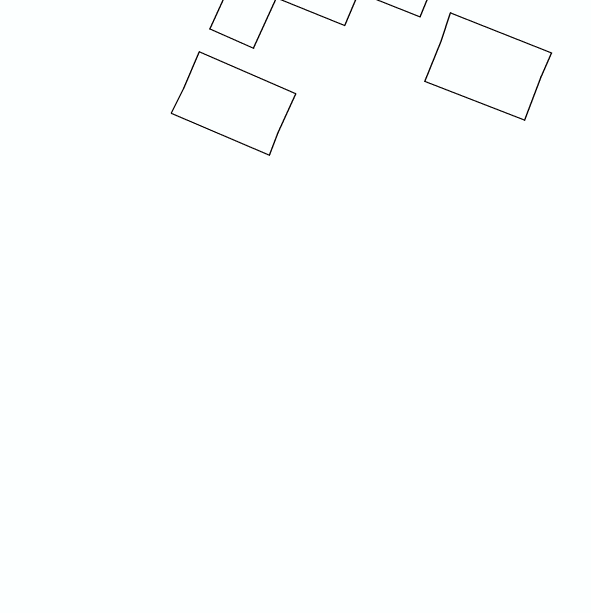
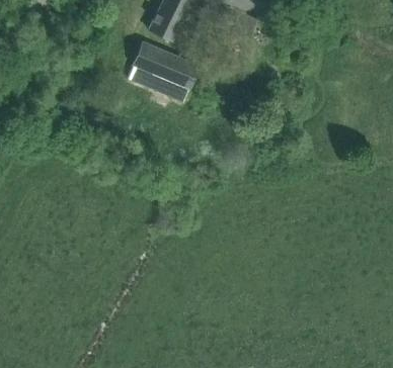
building: [425,13,551,120] -> none

